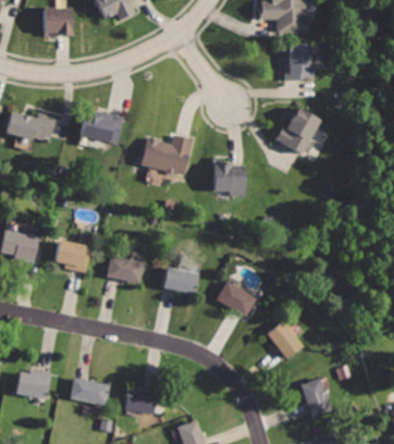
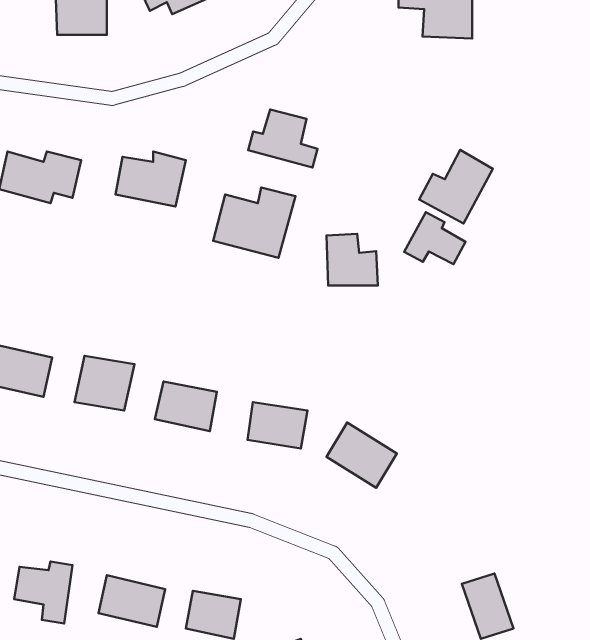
building: [283,42,312,81] -> none
building: none -> [248,110,318,168]
building: none -> [404,212,466,264]
building: [266,319,307,360] -> none

